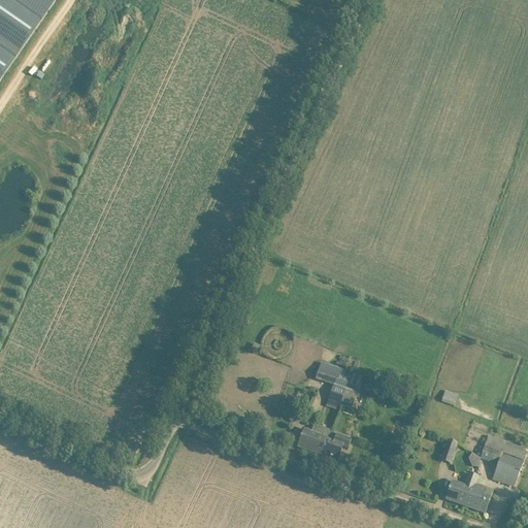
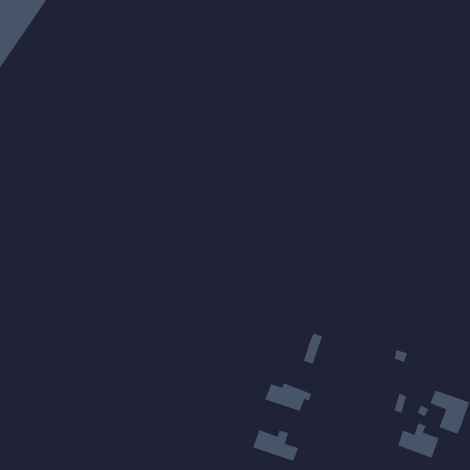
building: [312,361,350,403] -> none
building: none -> [252,429,299,462]

